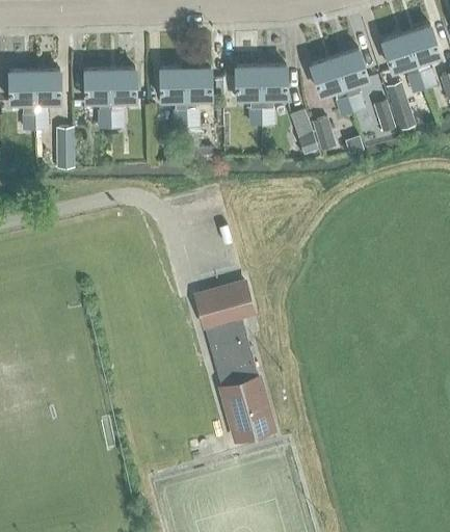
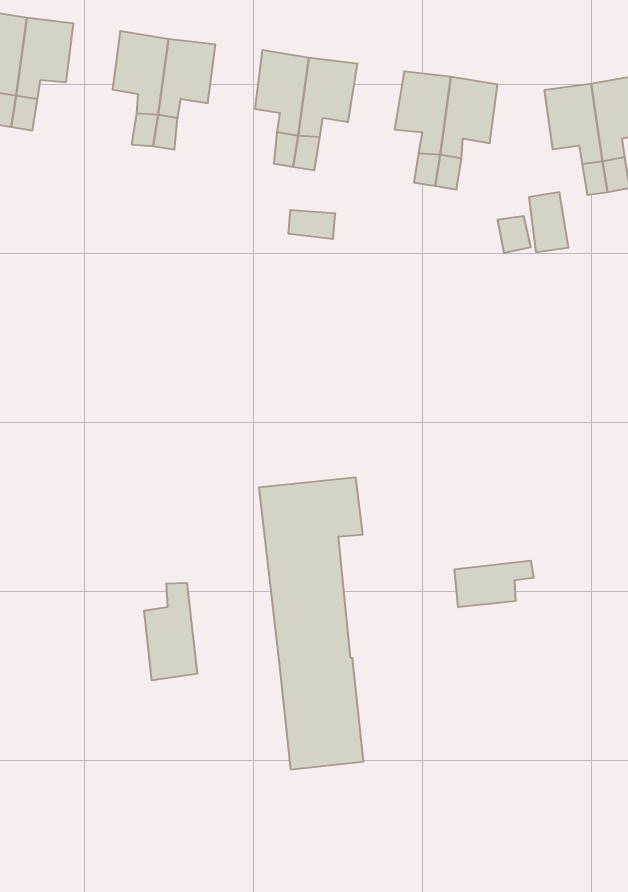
building: [56,128,75,167] -> none
building: none -> [455,561,533,607]
building: none -> [144,583,197,680]

